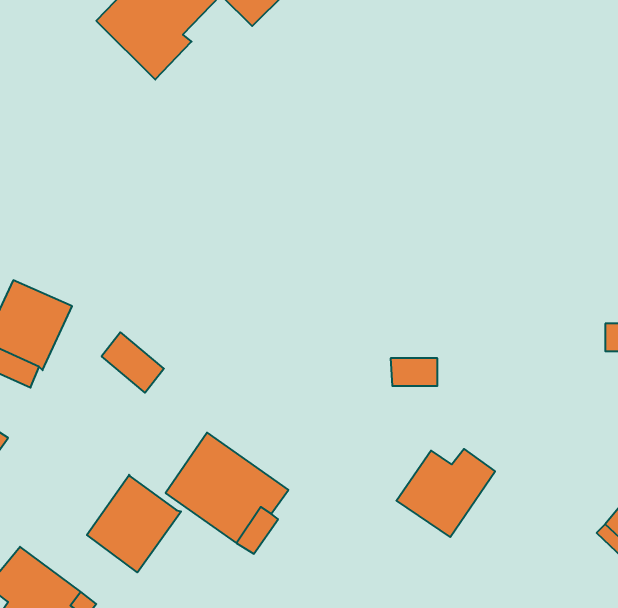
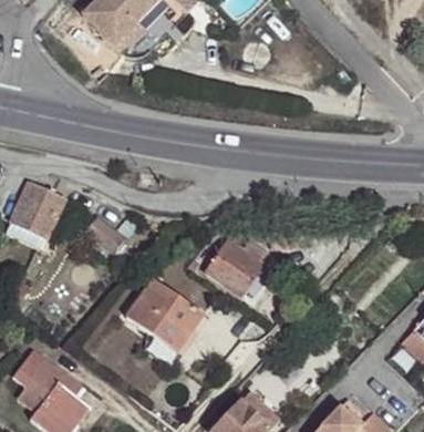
building: [396,449,495,537] -> [206,238,269,295]
building: [87,475,181,572] -> none

